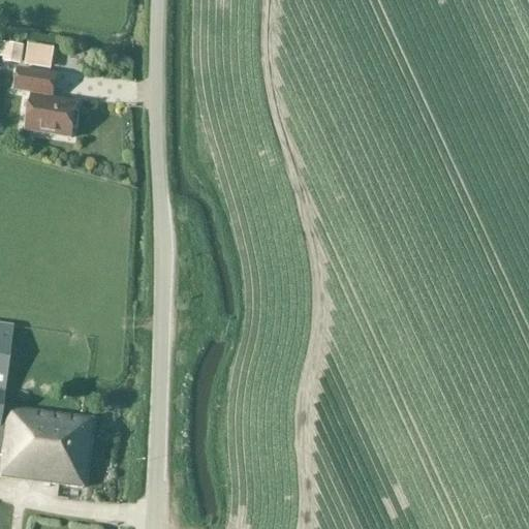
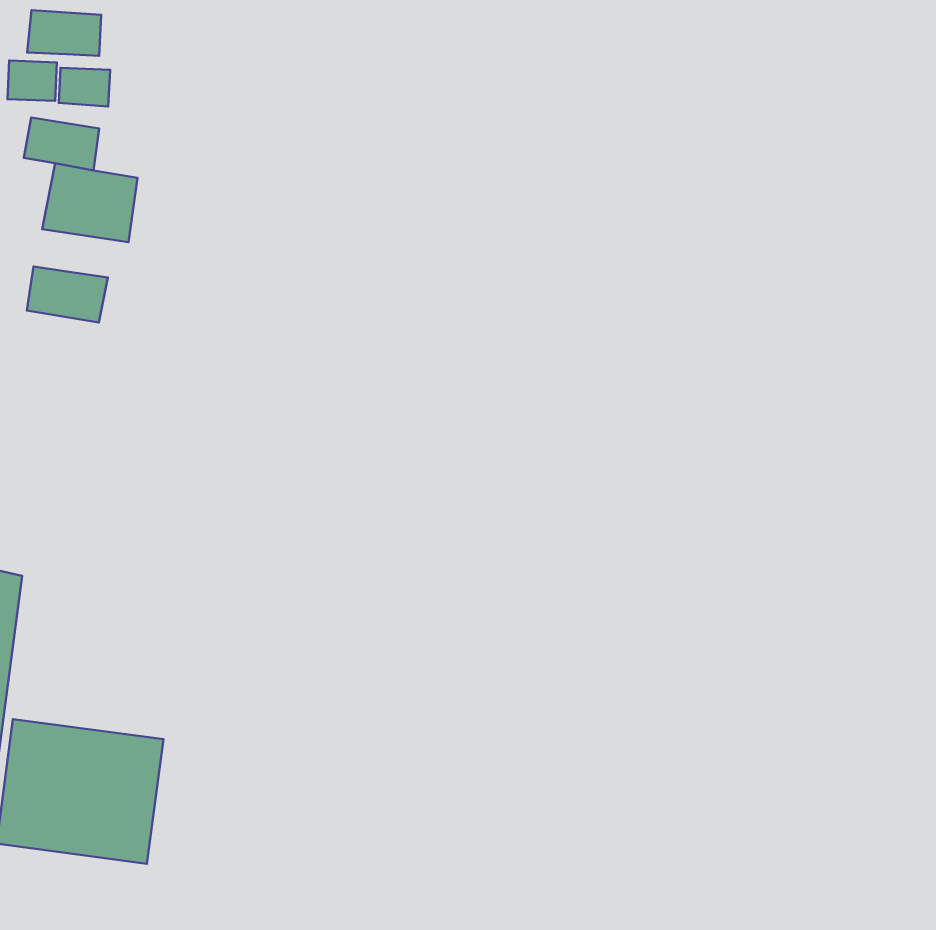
building: none -> [27,10,101,56]
building: none -> [27,267,108,323]

